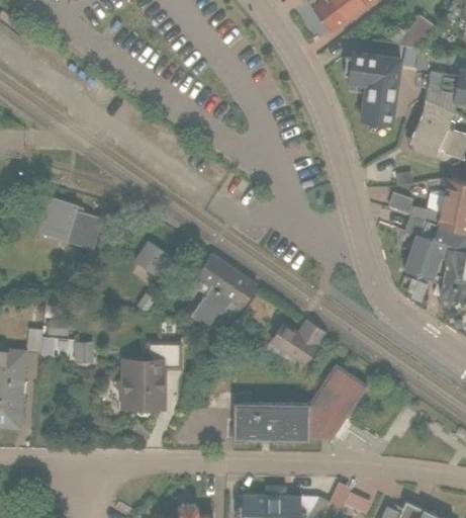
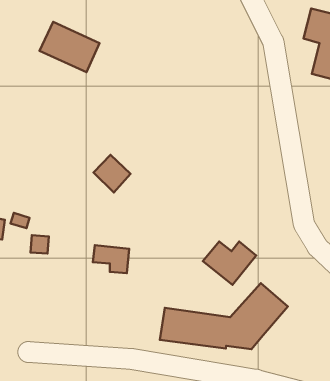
building: [37,201,103,253] -> [40,22,100,72]
building: [190,256,257,324] -> none
building: [115,362,167,413] -> none

